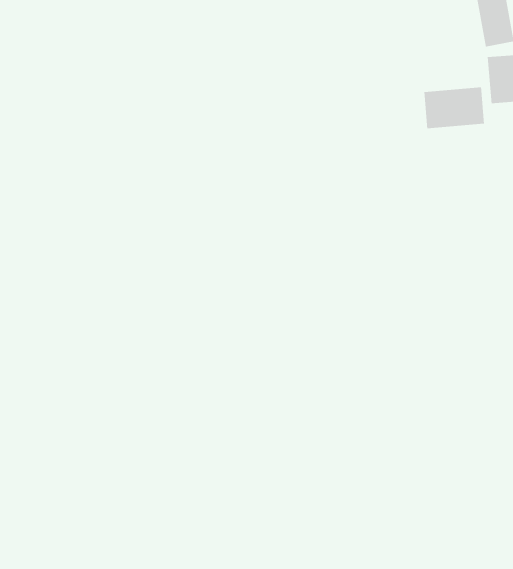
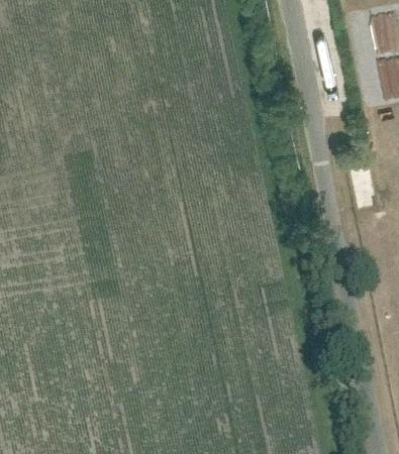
building: [424,86,484,129] -> none

